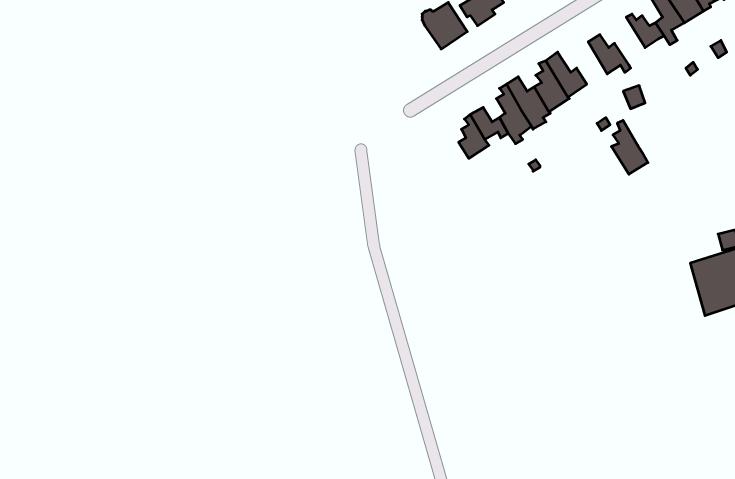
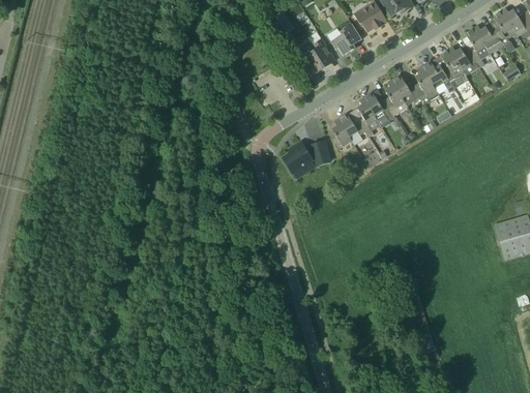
building: none -> [440,49,464,83]
building: [611,120,648,174] -> [413,66,439,104]
building: none -> [284,141,330,172]

